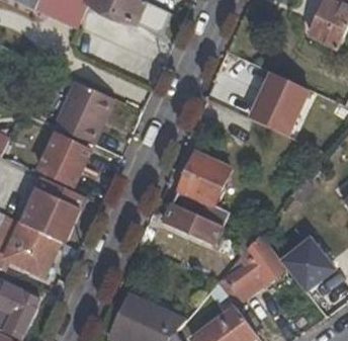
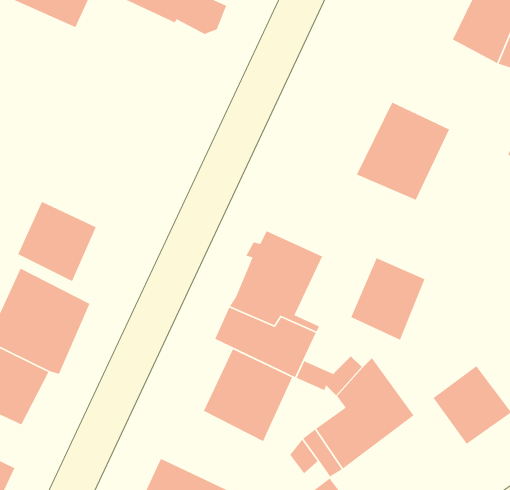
building: [53,80,111,145] -> none
building: none -> [350,257,425,341]
building: none -> [203,348,293,442]

